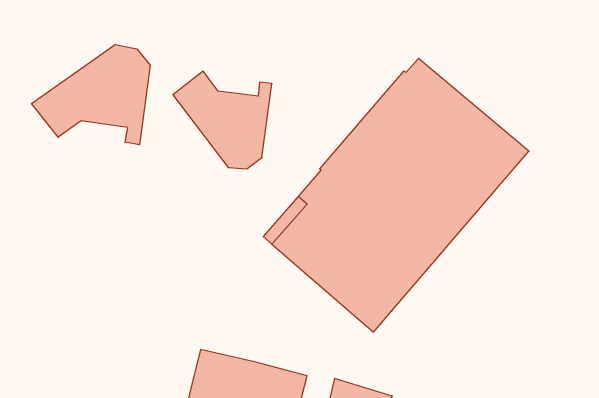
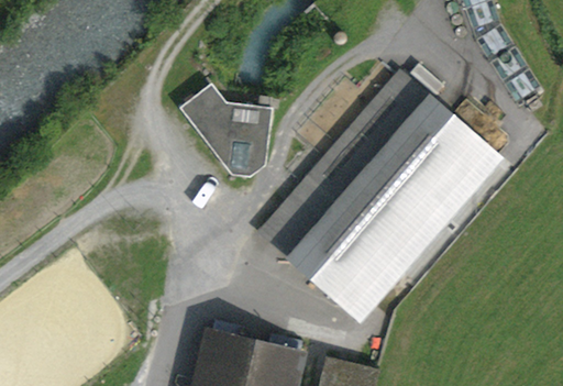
building: [32,45,150,145] -> none

